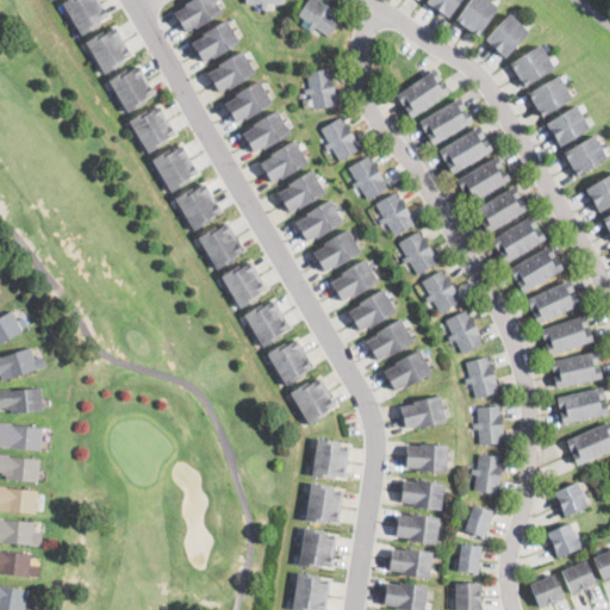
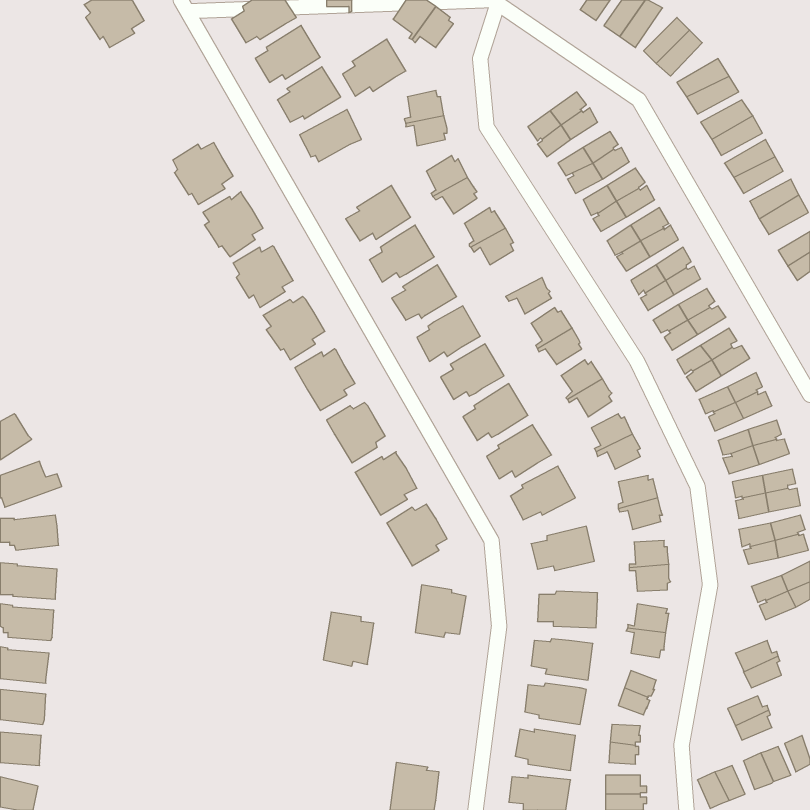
building: [86,29,132,74] -> none
building: [110,66,155,113] -> none
building: [243,110,291,152] -> [343,39,406,96]
building: [375,193,407,223] -> none
building: [305,484,343,524] -> [323,612,374,666]
building: [299,529,337,567] -> none

